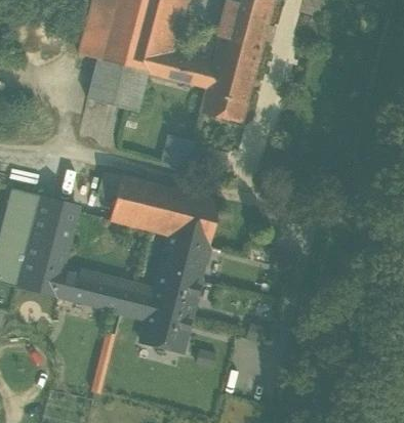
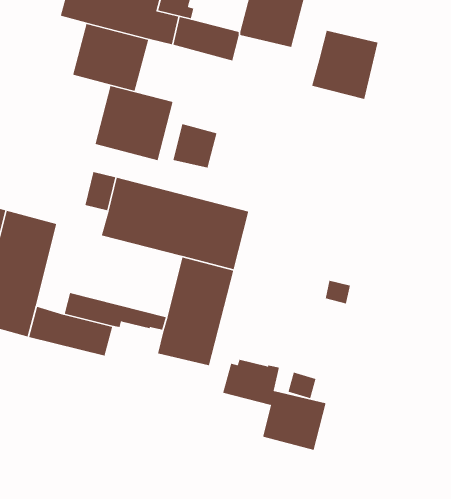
building: [202,70,252,122] -> [311,30,378,100]
building: none -> [94,85,173,161]
building: [113,284,191,352] -> [222,359,327,451]

